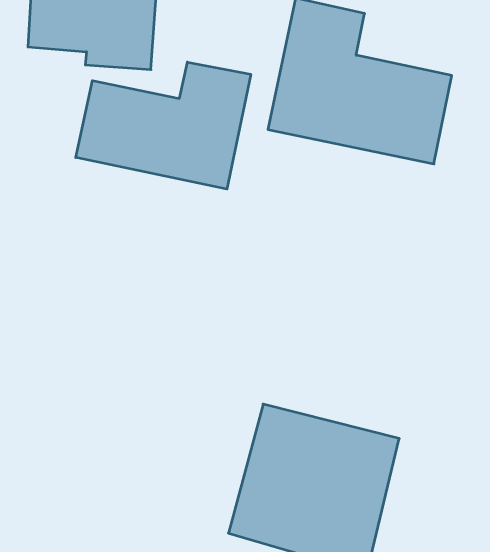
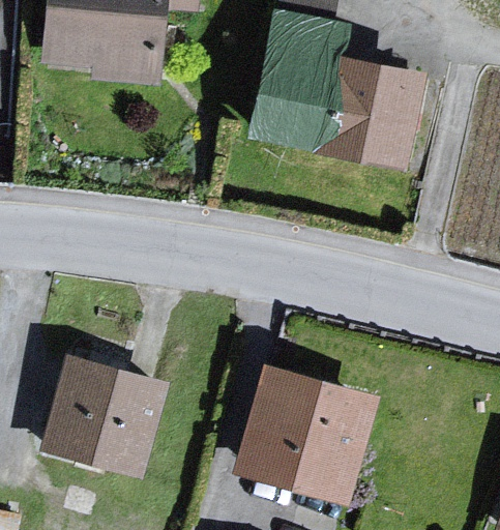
building: [76,62,251,189] -> none
building: none -> [42,356,167,479]

